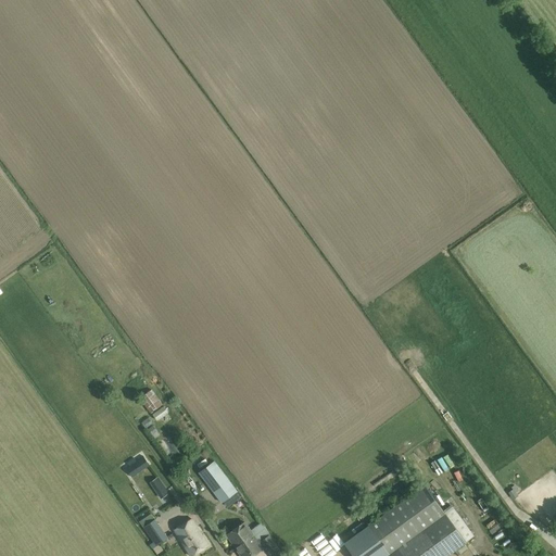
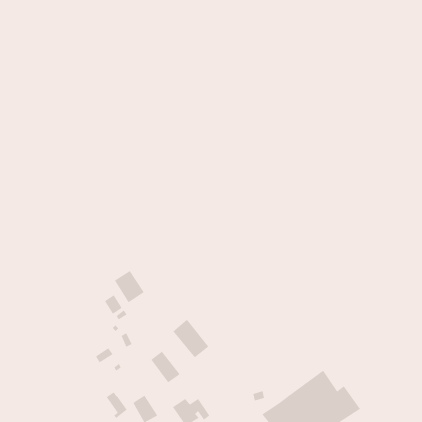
building: none -> [114,270,145,303]
building: none -> [172,319,209,358]

